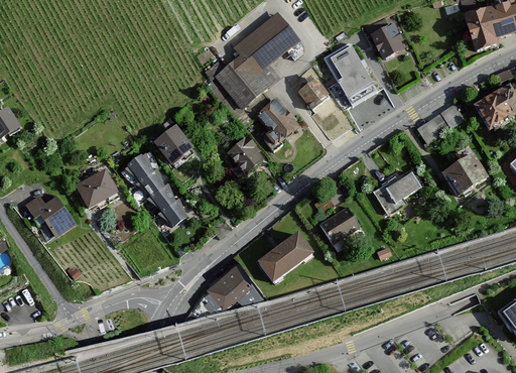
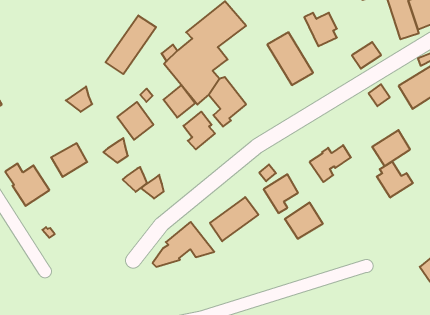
building: none -> [106,15,156,74]
building: [297,76,332,110] -> none
building: none -> [163,85,195,118]
building: [416,114,449,144] -> [352,42,381,69]
building: [124,148,154,177] -> [66,86,92,112]
building: [148,181,174,209] -> [141,175,164,199]
building: none -> [377,161,413,198]
building: none -> [285,202,323,239]

